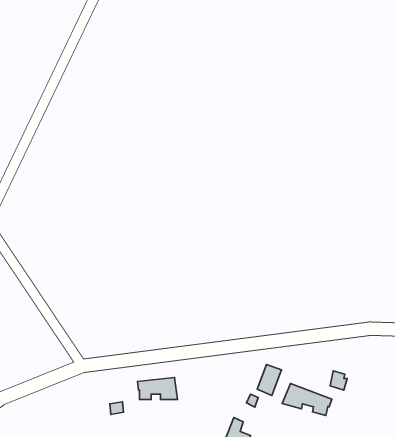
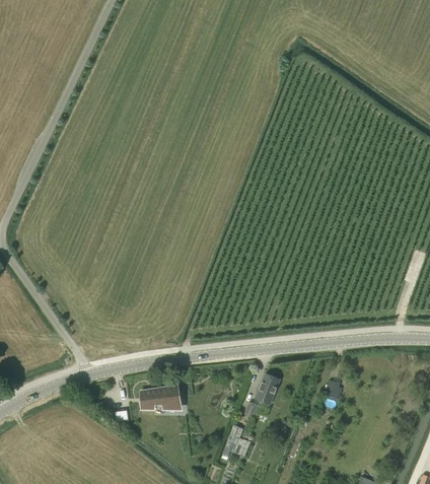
building: [282,384,332,415] -> none

